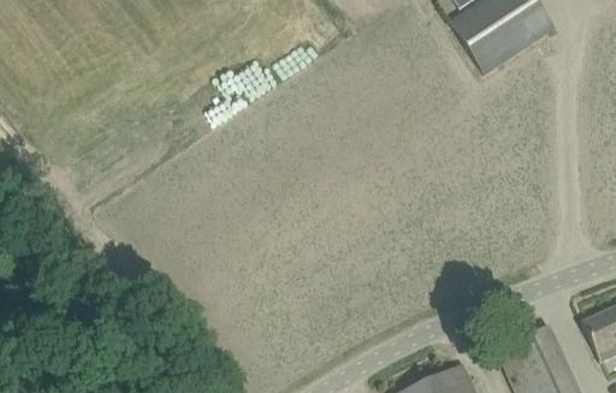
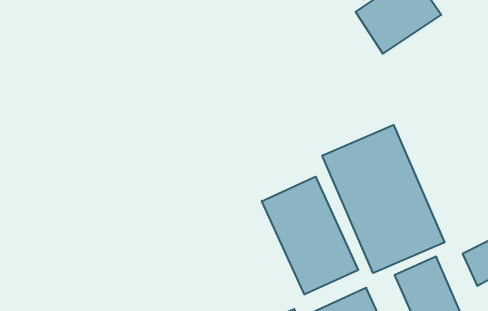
building: none -> [322,125,444,273]
building: none -> [262,177,358,294]

